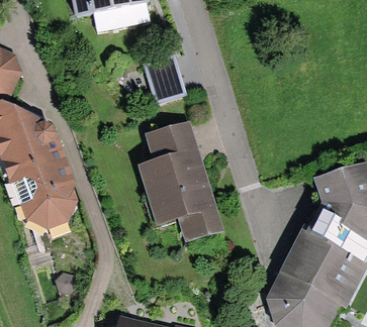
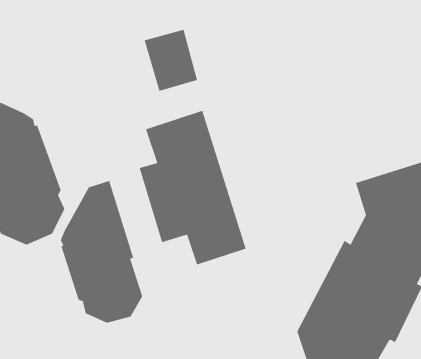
building: none -> [60,180,143,323]

